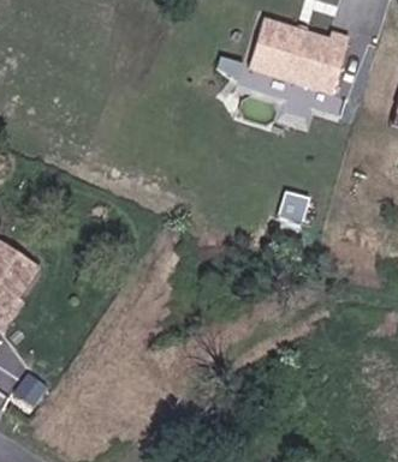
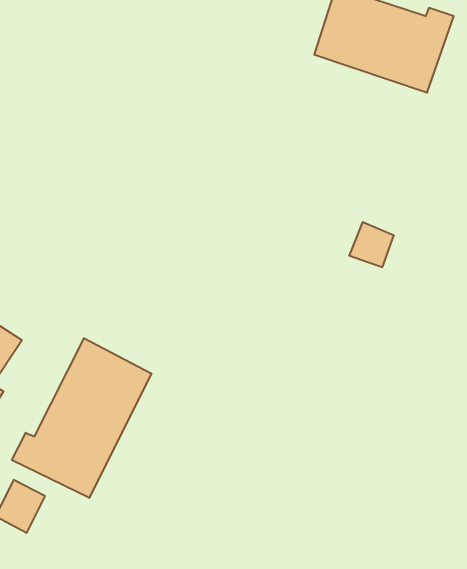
building: none -> [12,338,151,498]

